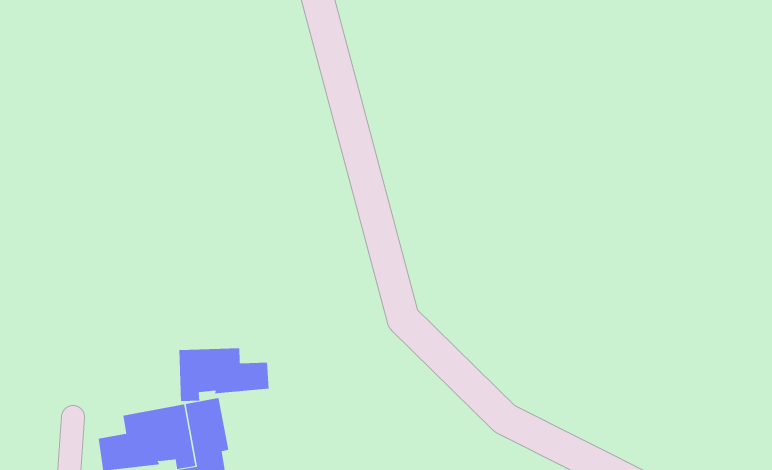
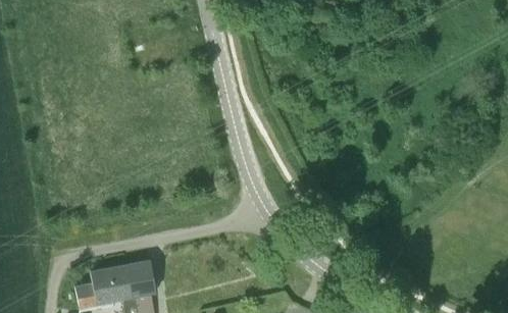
building: [179,348,269,402] -> none

